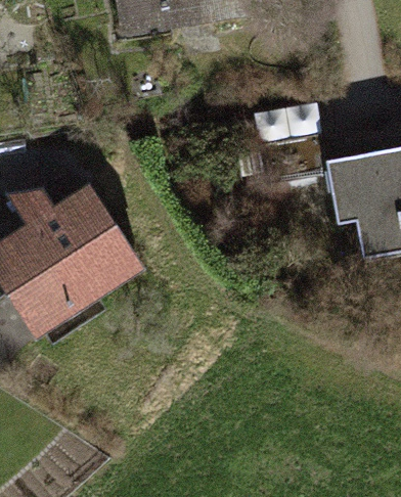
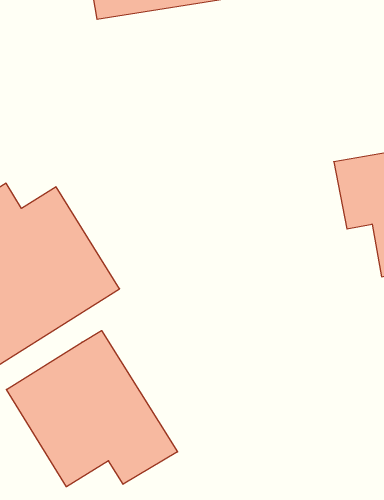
building: none -> [6,331,178,487]

